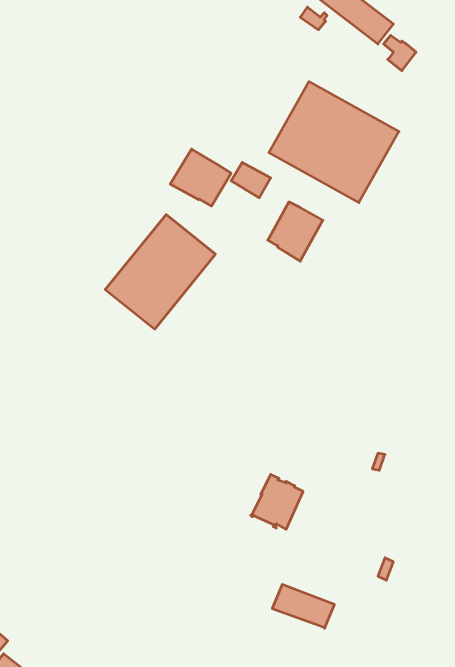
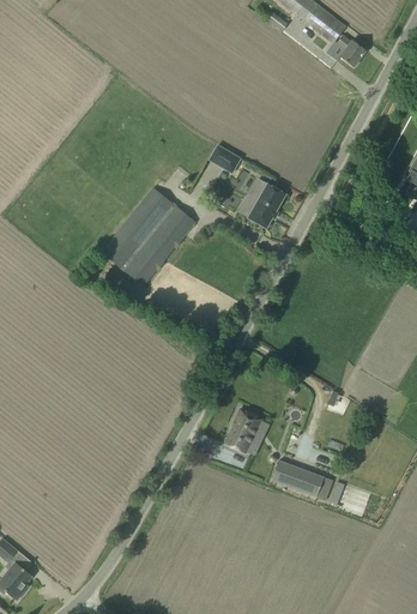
building: [269,82,399,203] -> none
building: [170,149,231,206] -> none
building: [272,585,334,628] -> [271,459,324,496]

